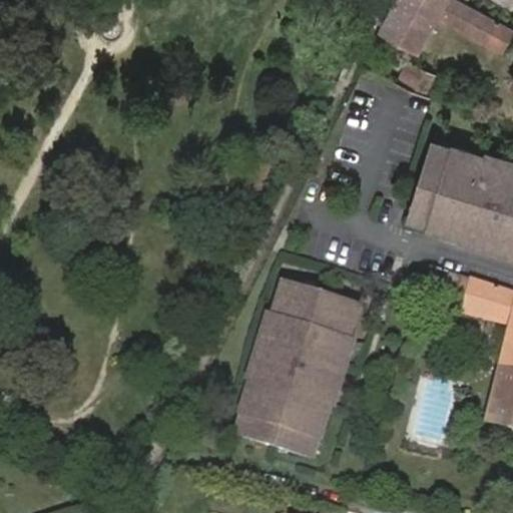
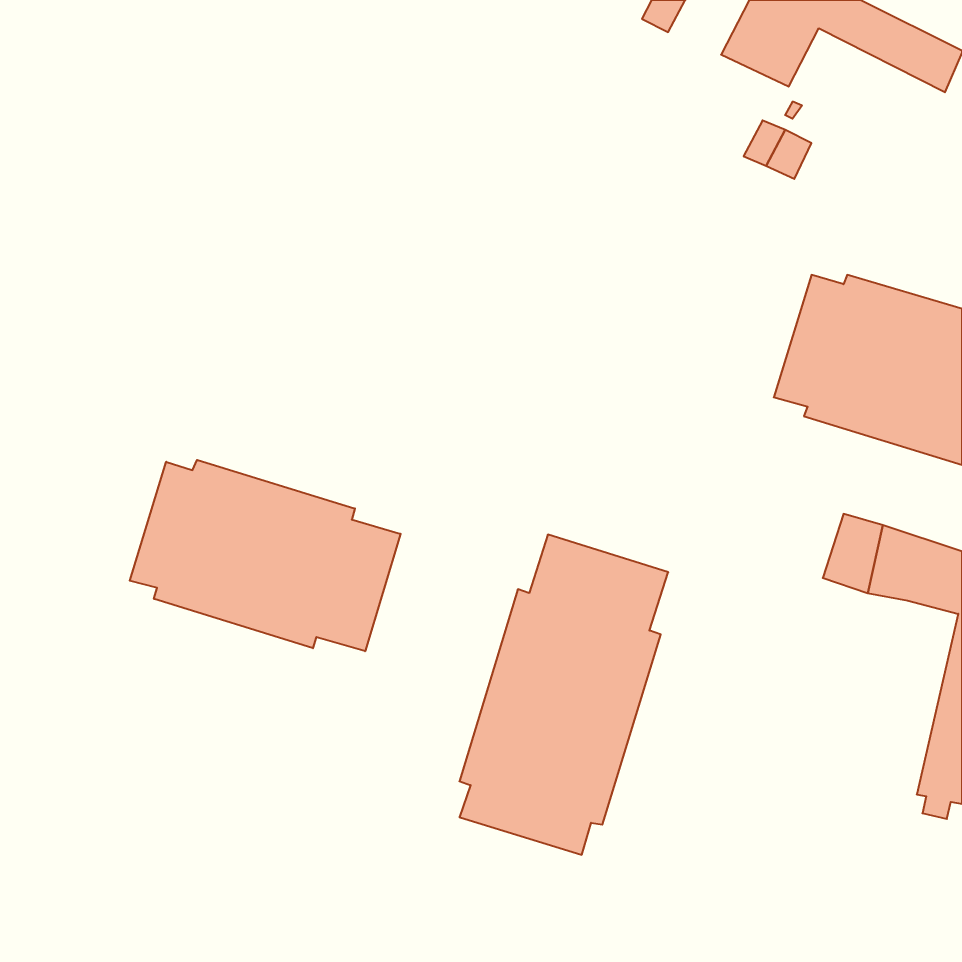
building: none -> [130,460,401,651]

